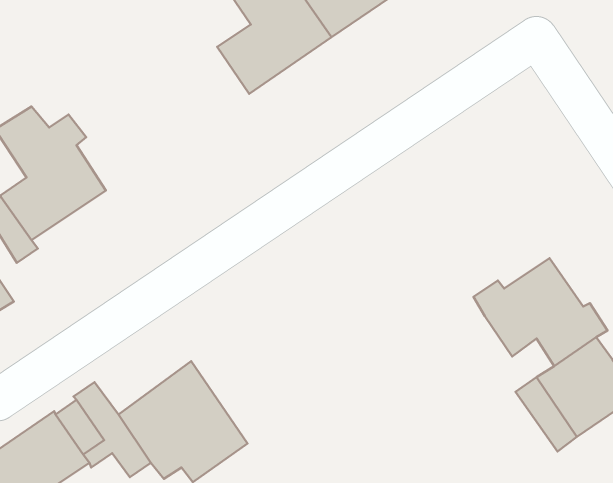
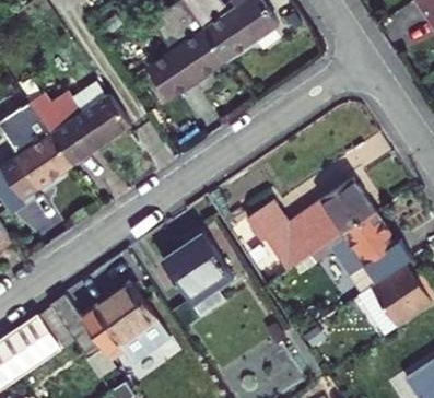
building: none -> [22,82,130,165]
building: none -> [247,179,373,270]
building: none -> [163,226,238,318]

